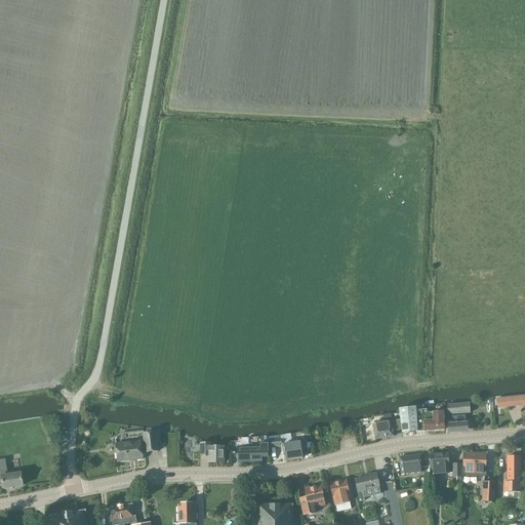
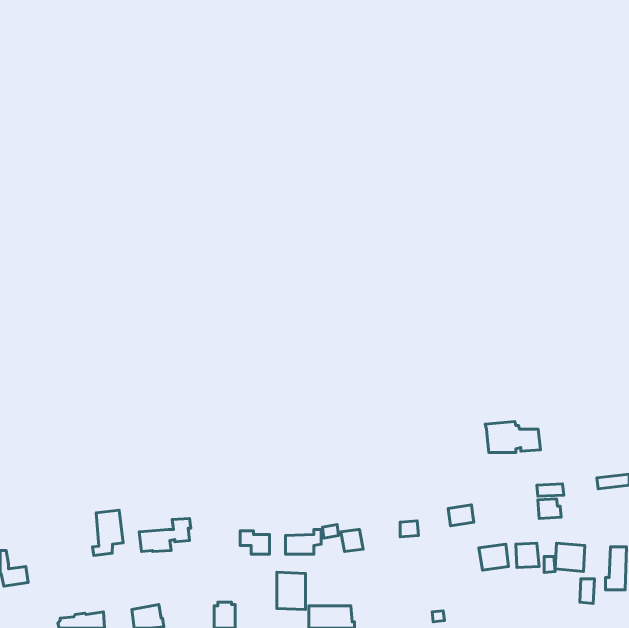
building: [399,405,445,431] -> [485,422,541,452]
building: none -> [93,510,123,555]
building: [355,473,381,500] -> none
building: none -> [277,572,305,610]
building: [330,479,351,504] -> none
building: [300,485,325,515] -> none

